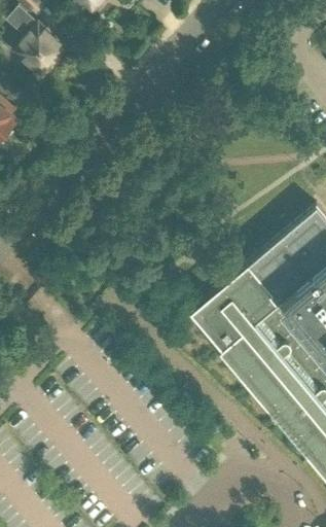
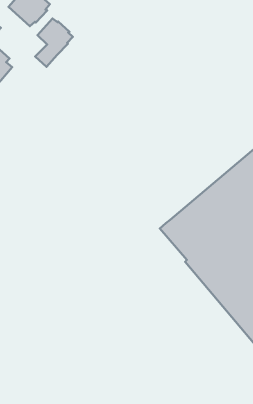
building: none -> [35,19,73,67]

